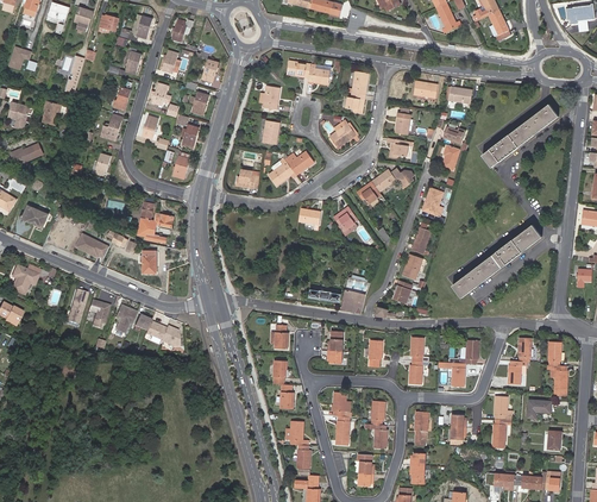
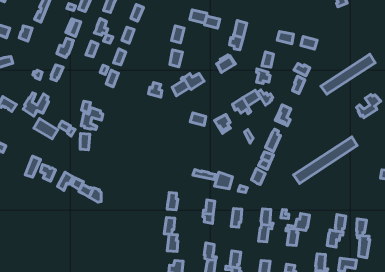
building: none -> [356,94,381,118]
building: none -> [23,93,49,116]

